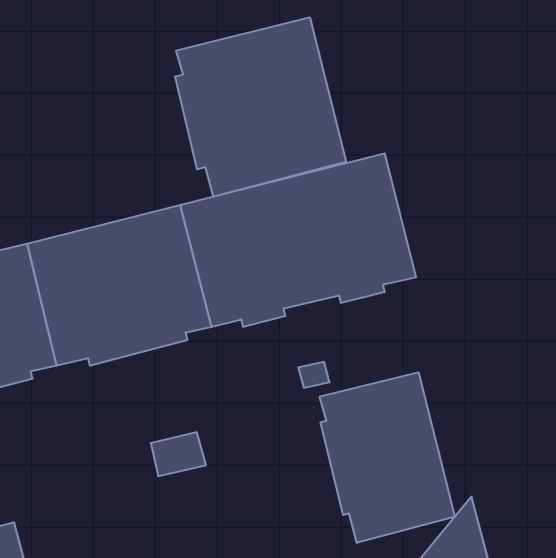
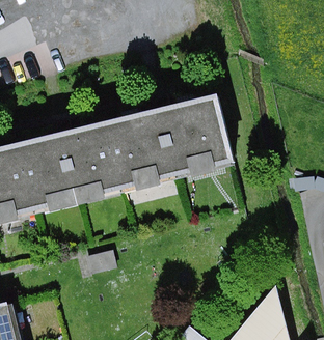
building: [175,17,346,197] -> none
building: [320,372,455,543] -> none

